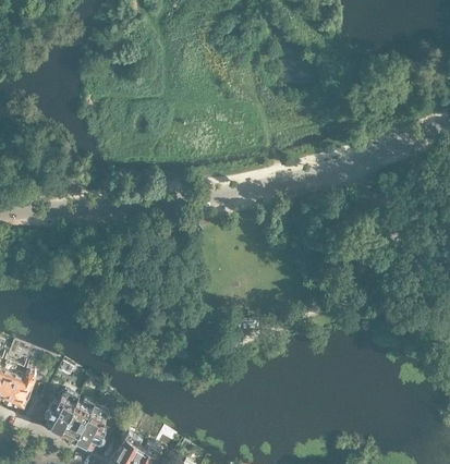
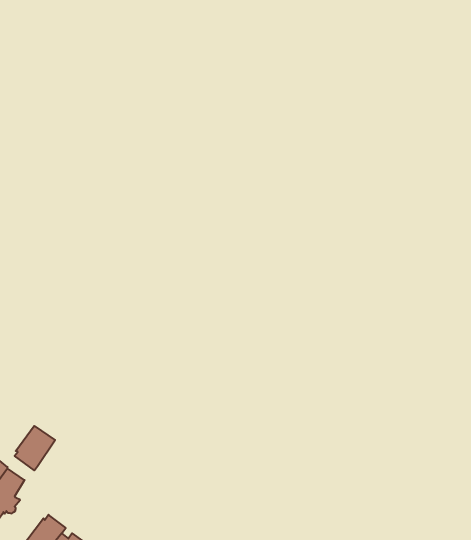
building: none -> [15,426,55,470]

